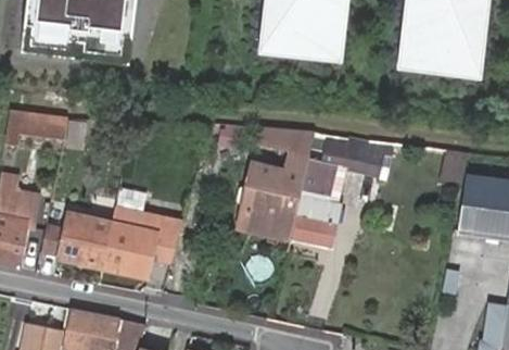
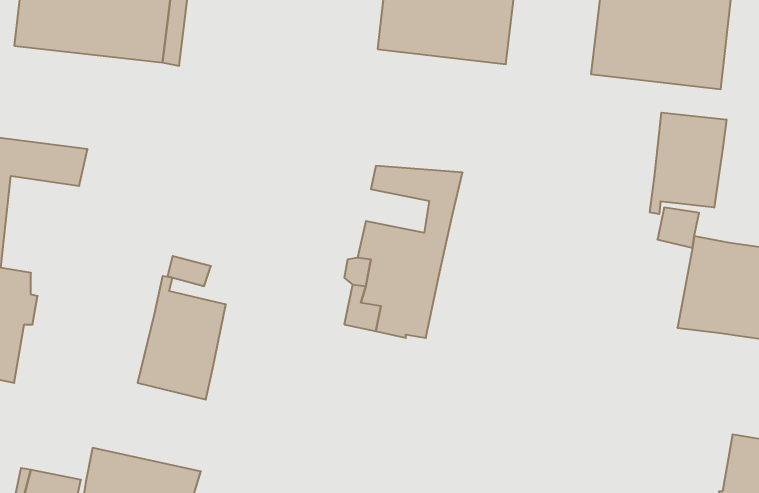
building: none -> [650,113,726,214]
building: [290,137,396,248] -> none
building: [41,213,113,268] -> none
building: [151,217,182,264] -> none

